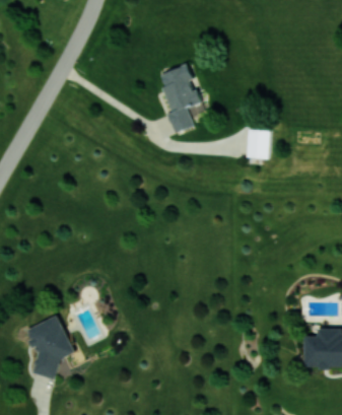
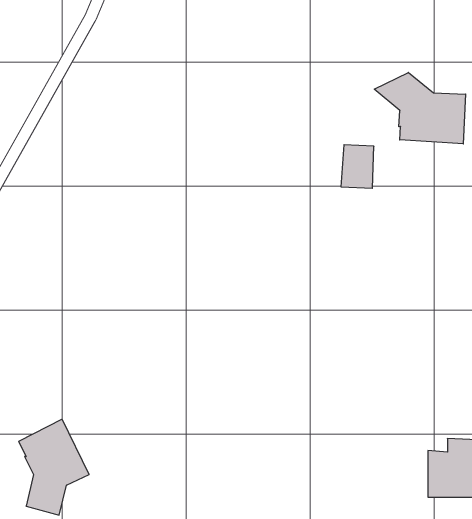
building: [158,64,201,133] -> none
building: none -> [374,72,466,144]

